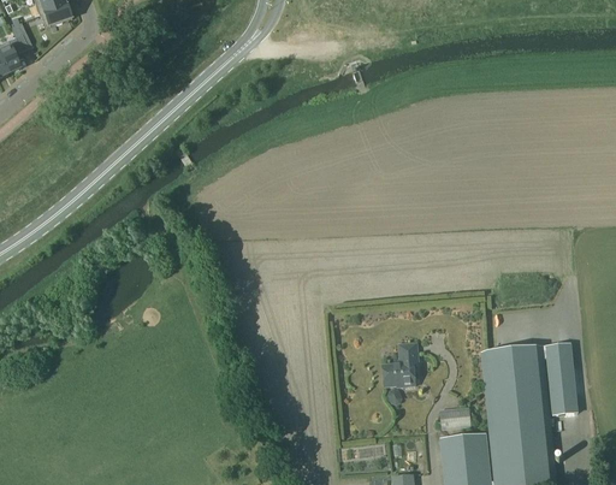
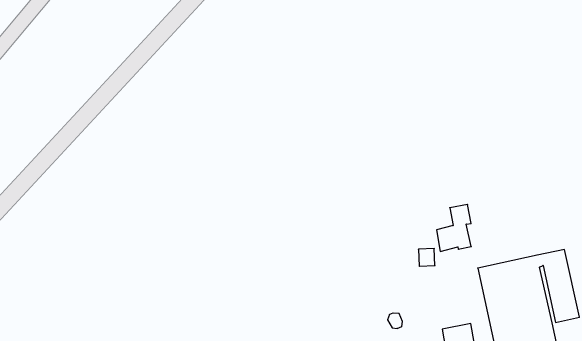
building: [383,342,417,385] -> [437,204,471,251]

